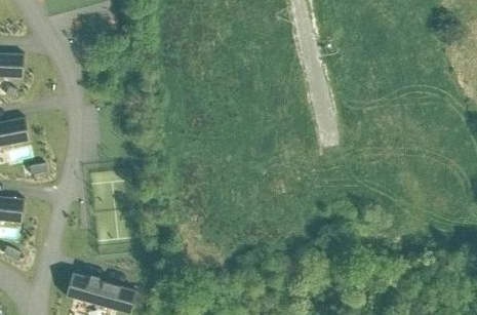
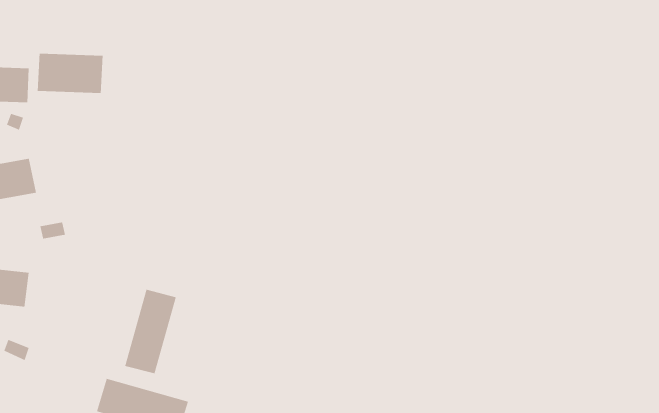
building: none -> [37,53,103,94]
building: none -> [125,289,176,374]

